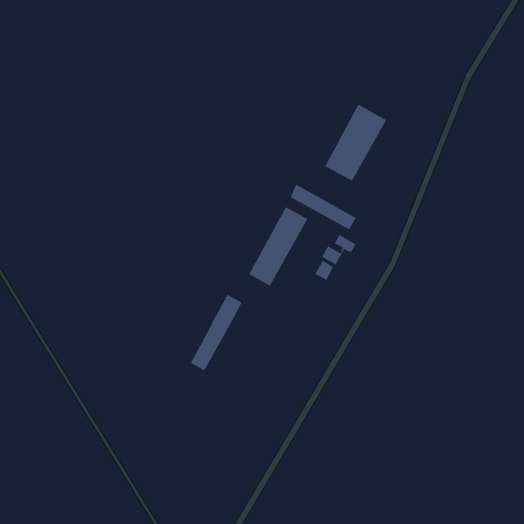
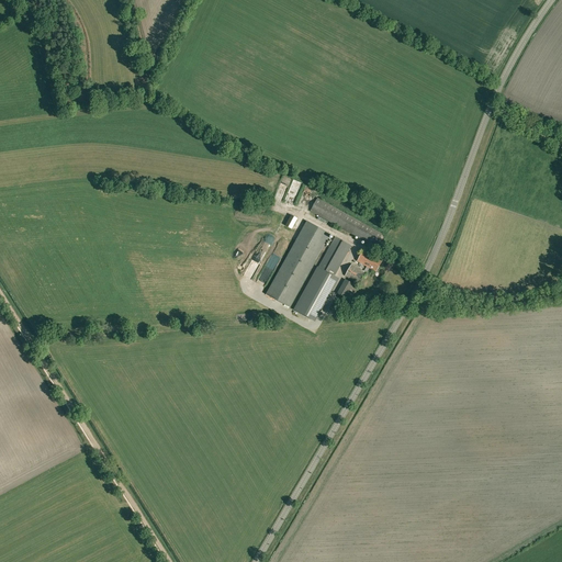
building: [325,104,387,182] -> none
building: [190,294,242,371] -> [294,236,350,318]

